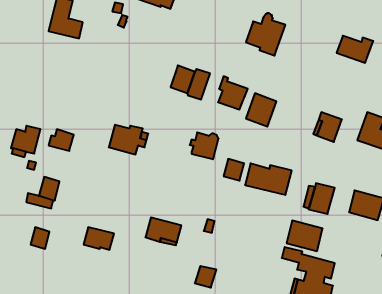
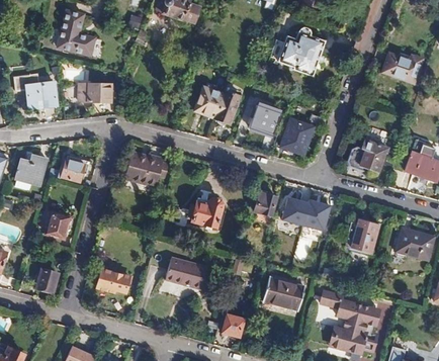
building: none -> [25,80,58,107]
building: none -> [77,83,109,102]
building: [190,132,219,159] -> [189,196,222,227]
building: [287,221,323,251] -> [263,276,303,310]

